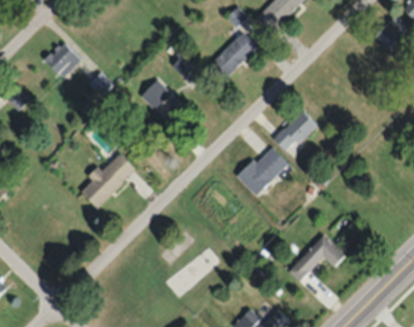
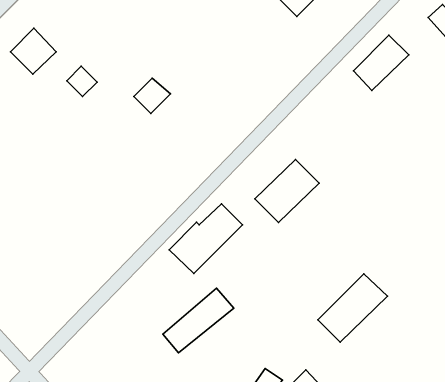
building: [208,31,258,81] -> none
building: [274,110,318,153] -> [354,35,409,90]
building: [79,152,137,207] -> [169,204,243,273]

